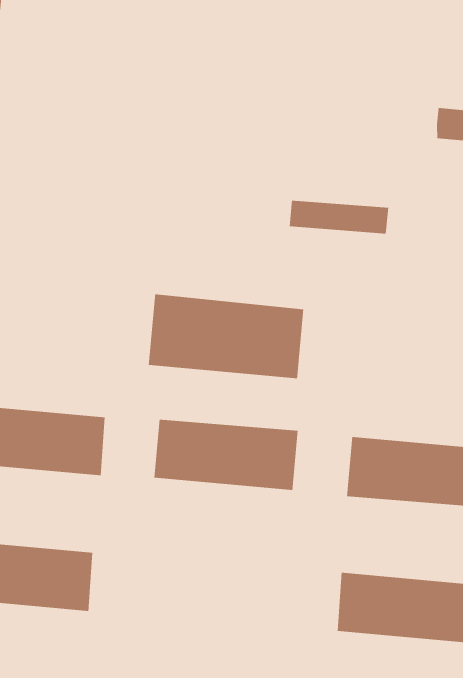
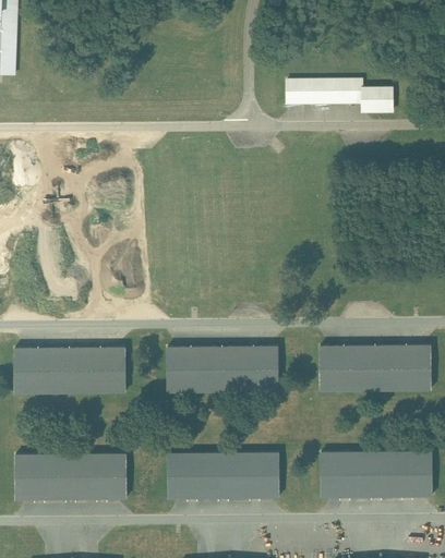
building: [289,200,389,234] -> [286,77,362,99]
building: [148,293,304,379] -> none
building: none -> [170,453,279,499]

